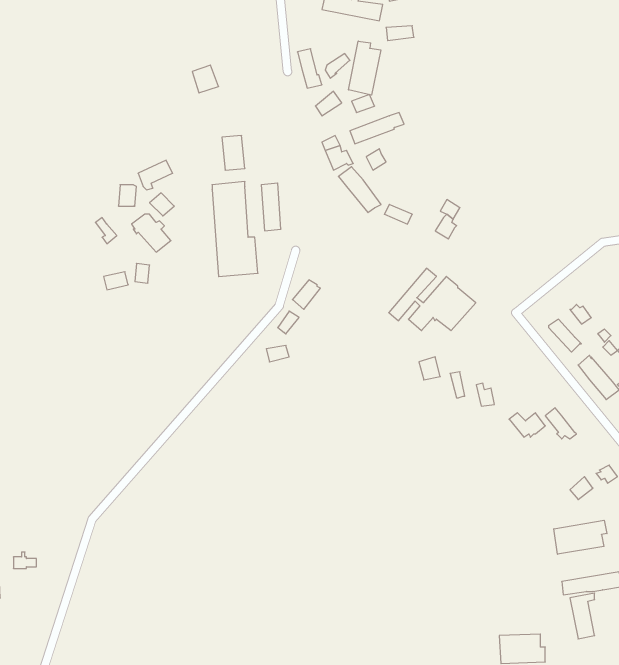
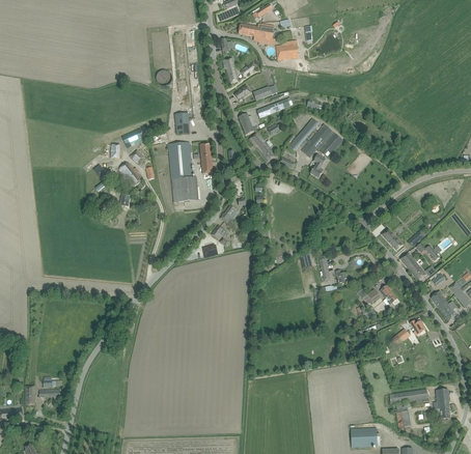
building: [349,41,381,95] -> none
building: [389,268,476,331] -> [288,118,343,158]
building: [554,520,607,554] -> none

